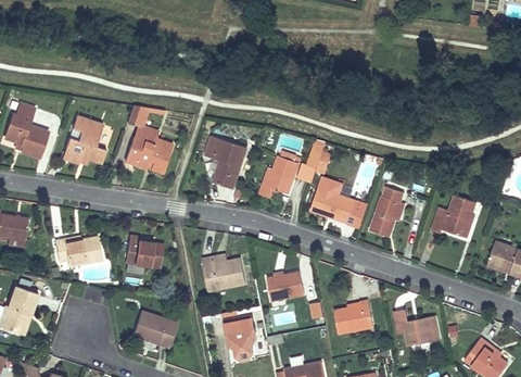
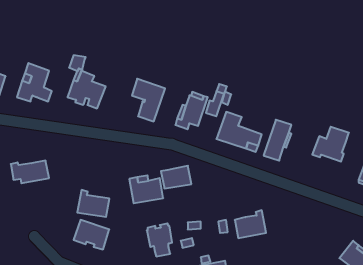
building: [124,234,164,267] -> [77,190,109,217]
building: [266,272,304,300] -> [161,166,191,188]
building: [394,310,439,344] -> none

